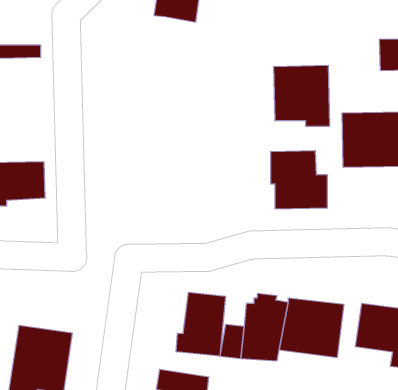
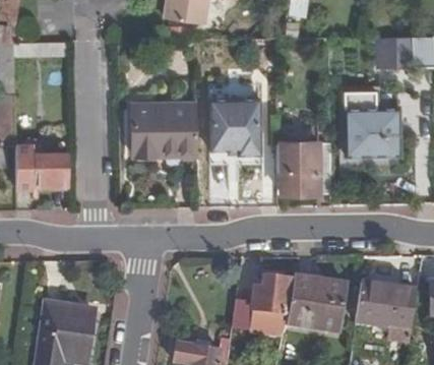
building: [274,66,330,126] -> [208,99,260,155]
building: none -> [132,104,197,156]
building: [176,292,225,356] -> none

